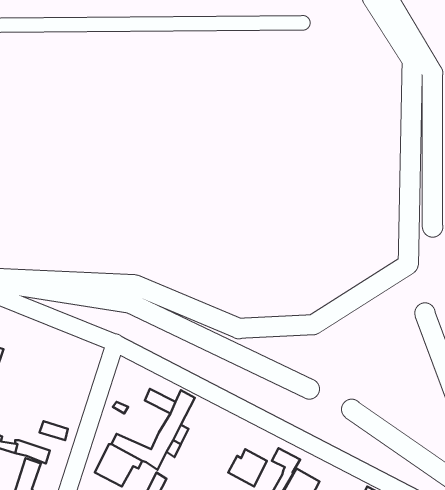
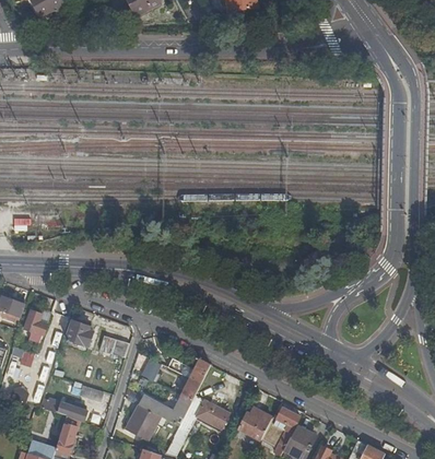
building: none -> [64,319,92,345]
building: none -> [97,333,128,356]
building: none -> [195,399,228,428]

